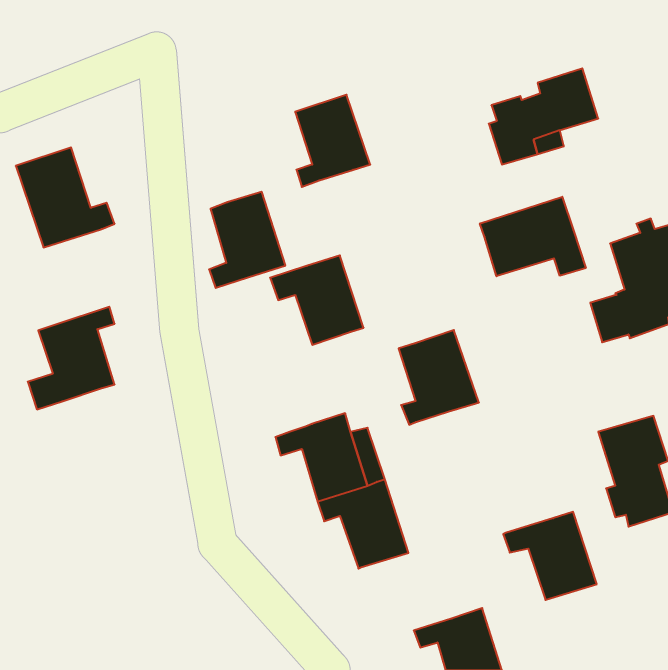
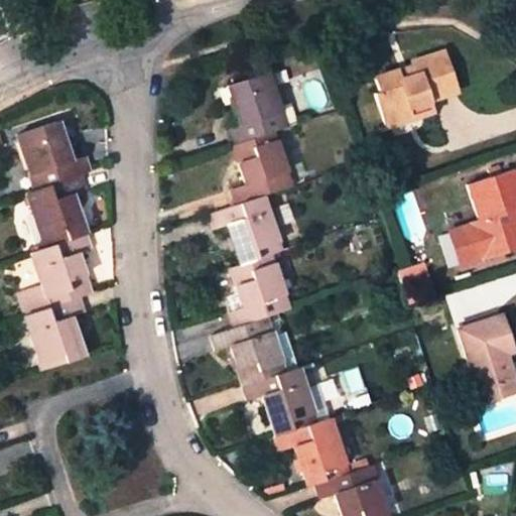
building: [209,192,285,288] -> [234,130,292,204]
building: [480,197,586,276] -> none
building: none -> [27,175,88,249]
building: [399,330,479,425] -> [230,254,291,327]
building: none -> [27,297,87,370]
building: [503,512,597,600] -> [278,418,350,486]

